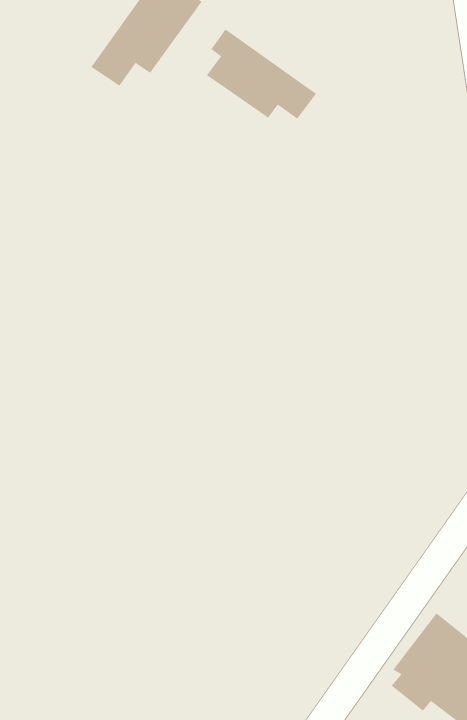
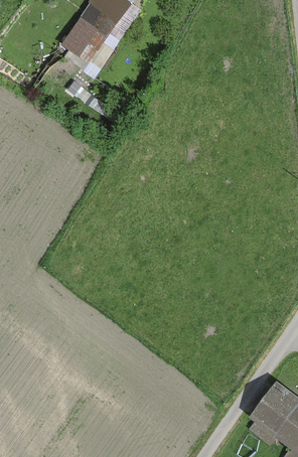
building: [206,28,317,119] -> none

